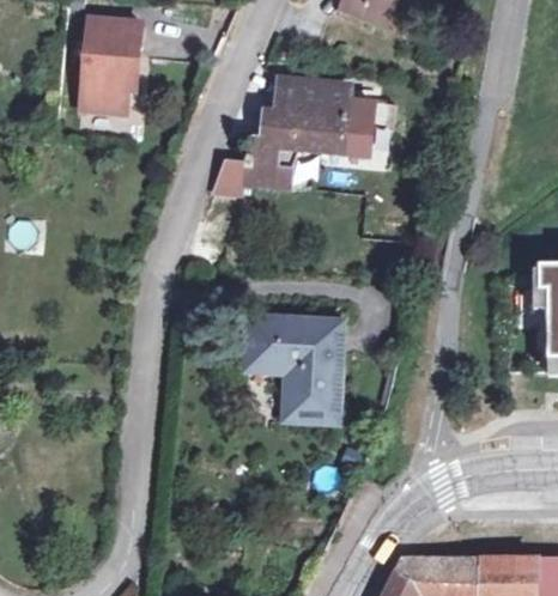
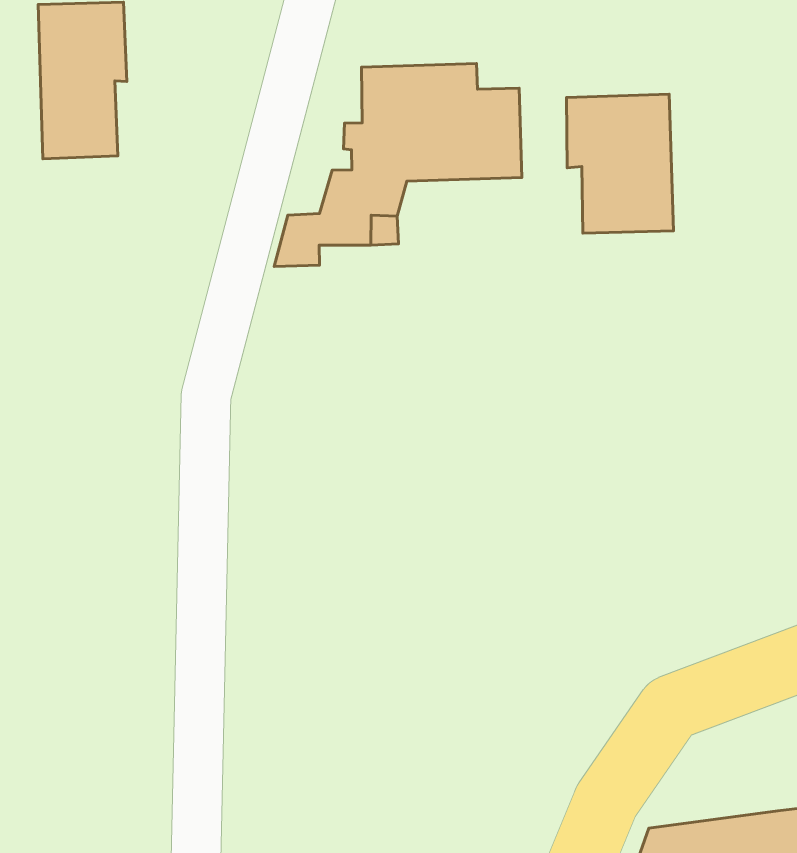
building: none -> [566,94,673,233]
building: [242,317,340,422] -> none

